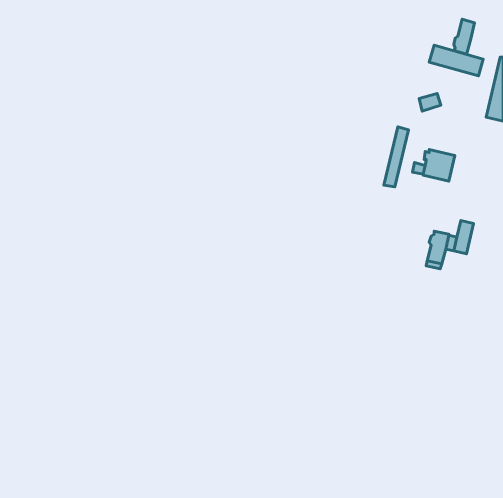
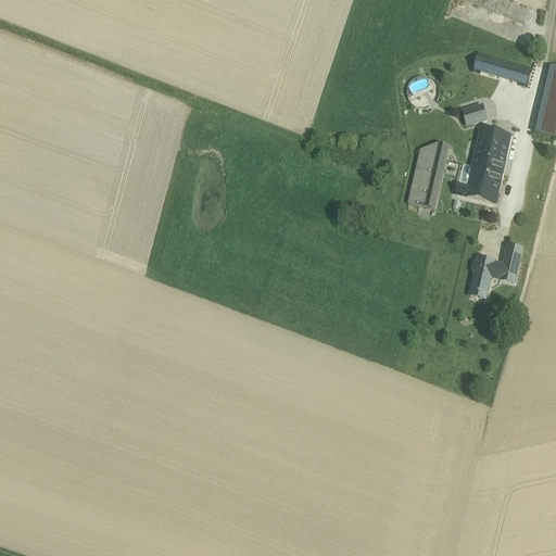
building: [454,19,475,54] -> none
building: none -> [473,126,510,172]
building: none -> [408,140,439,204]

